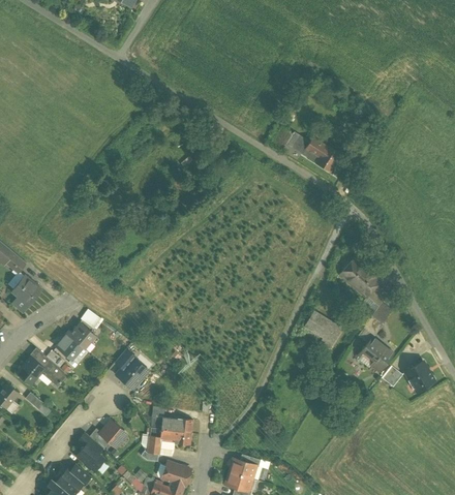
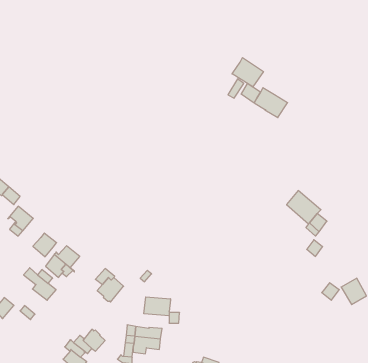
building: none -> [232,58,263,87]
building: [304,311,341,347] -> none
building: [359,337,393,370] -> none
building: [17,357,44,384] -> [33,233,57,257]
building: none -> [144,297,170,316]

